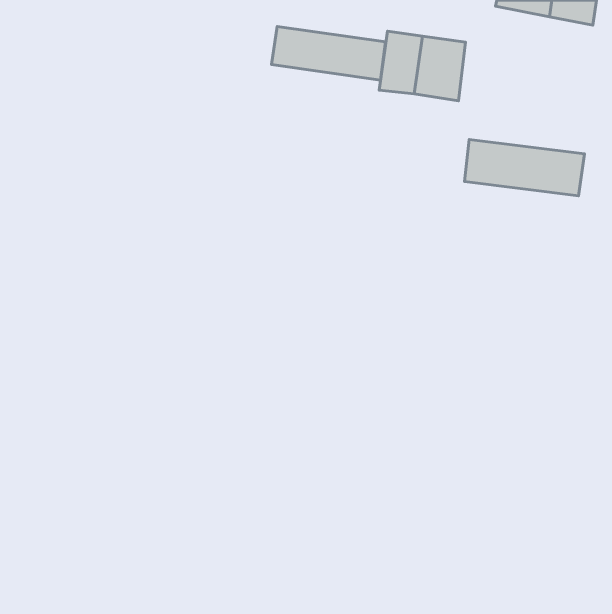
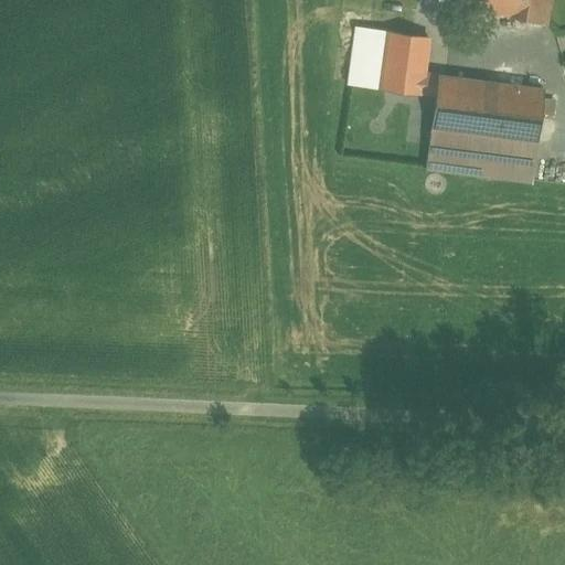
building: [271,26,385,80] -> none
building: none -> [433,75,545,141]

